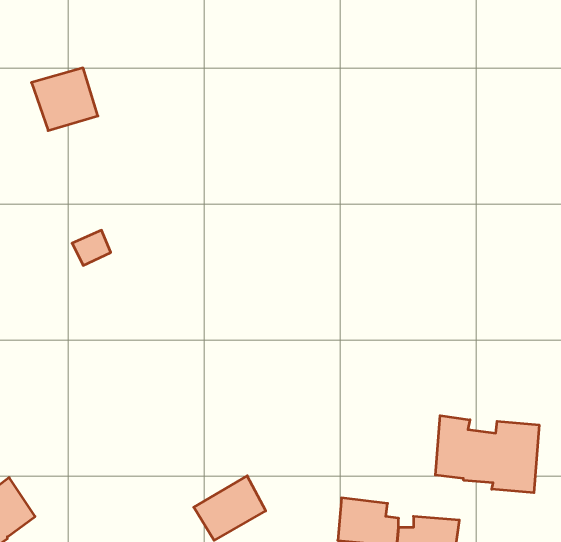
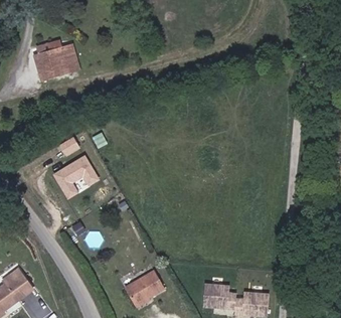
building: none -> [52,155,98,197]
building: [435,416,539,493] -> none

